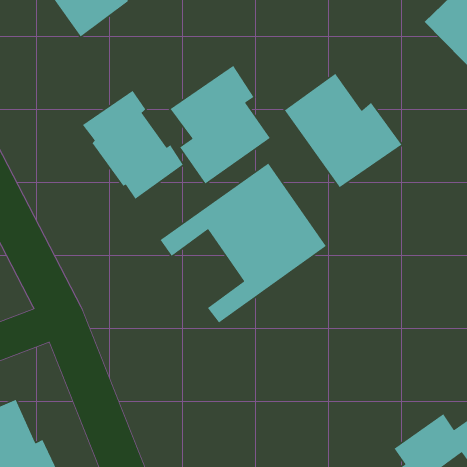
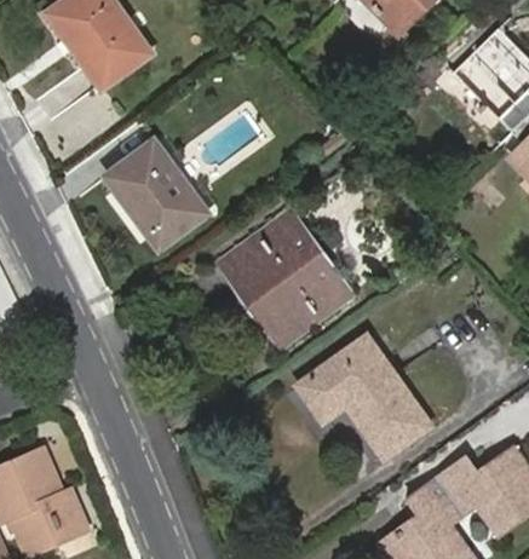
building: [170,65,271,185] -> none
building: [284,73,402,188] -> none
building: none -> [300,336,431,457]

